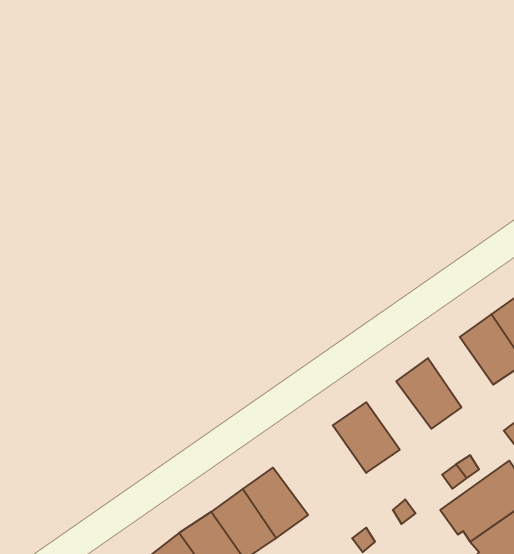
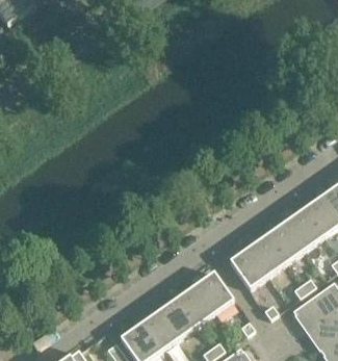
building: none -> [286,208,324,250]
building: none -> [250,234,288,275]
building: none -> [194,272,234,313]

